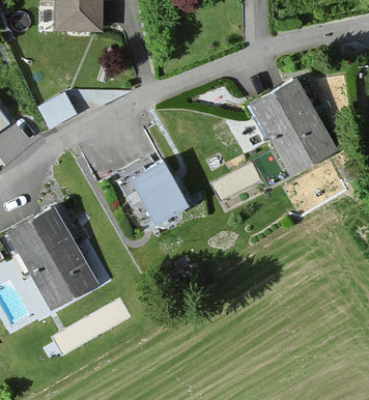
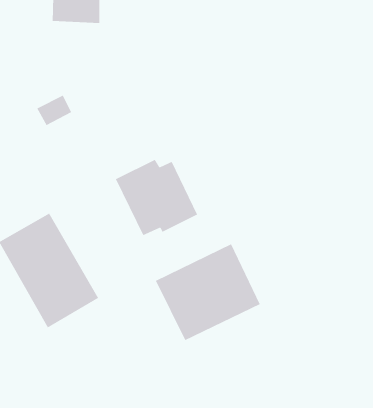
building: [250,79,336,176] -> none
building: none -> [155,243,261,341]

